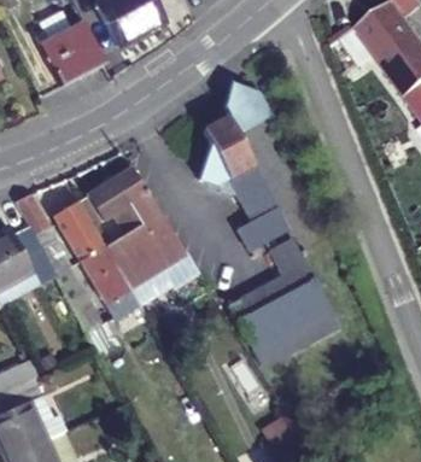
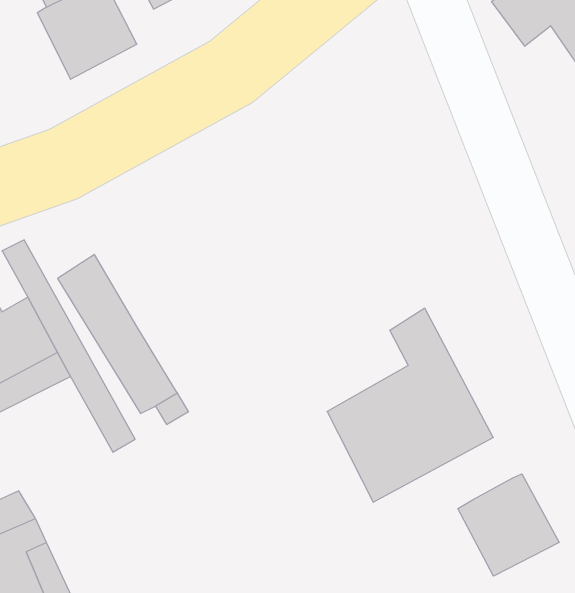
building: [197,84,286,255] -> none
building: [88,171,185,290] -> none
building: none -> [458,474,559,576]

